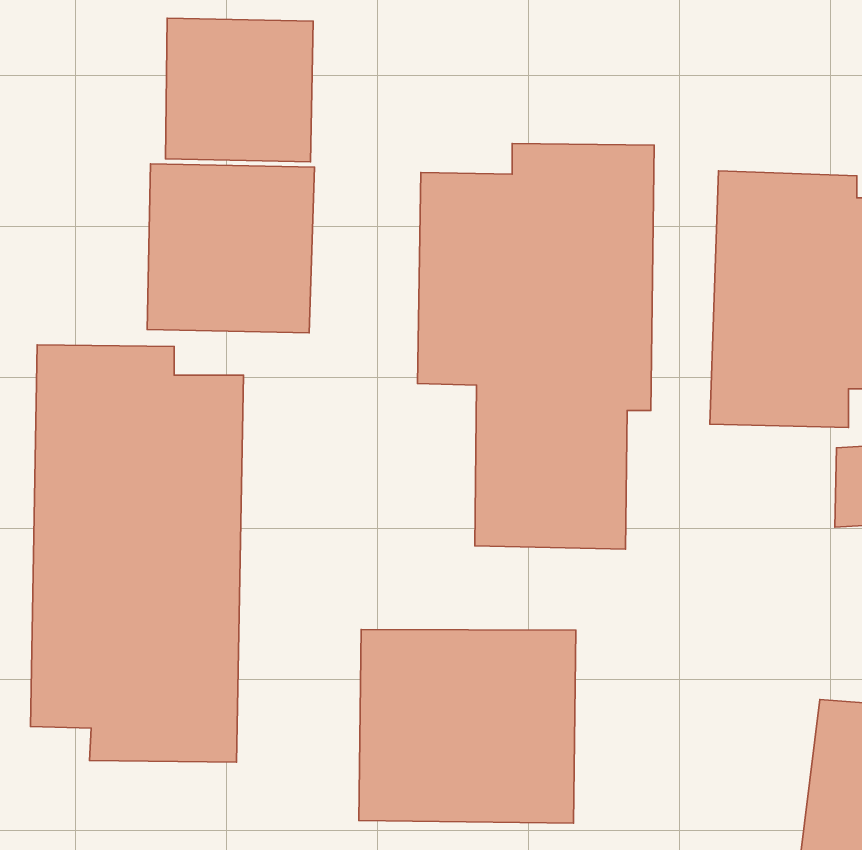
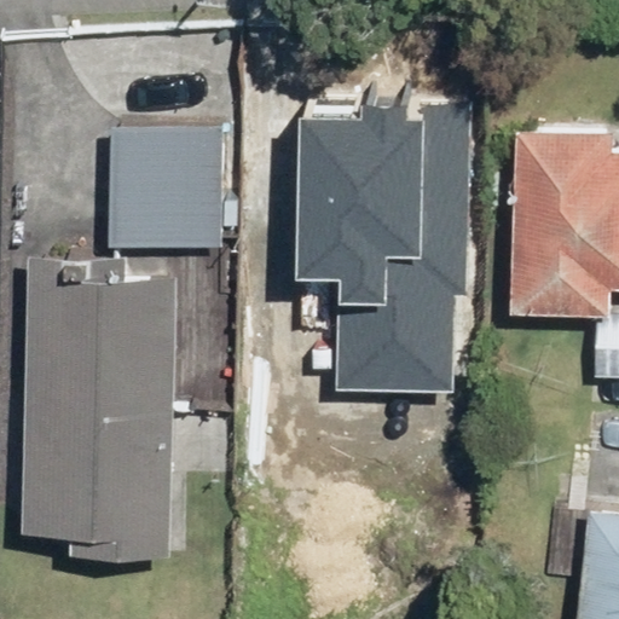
building: [166,18,313,162] -> none
building: [359,630,576,823] -> none

